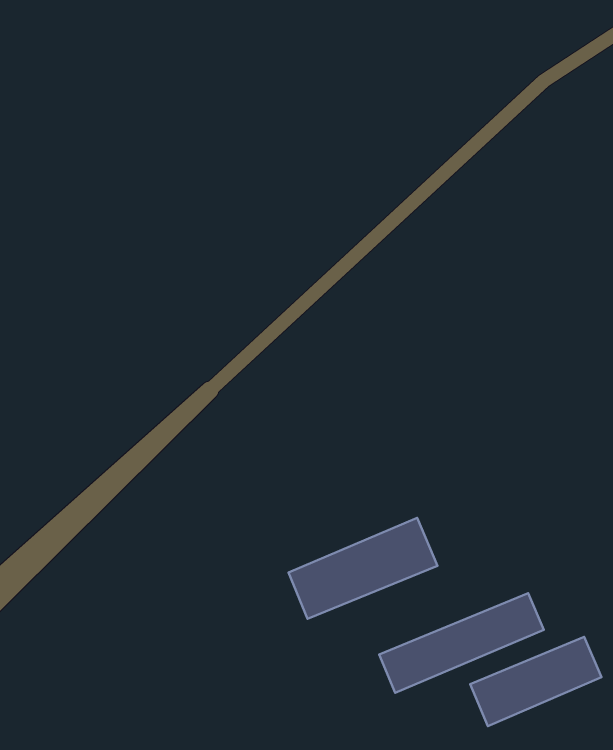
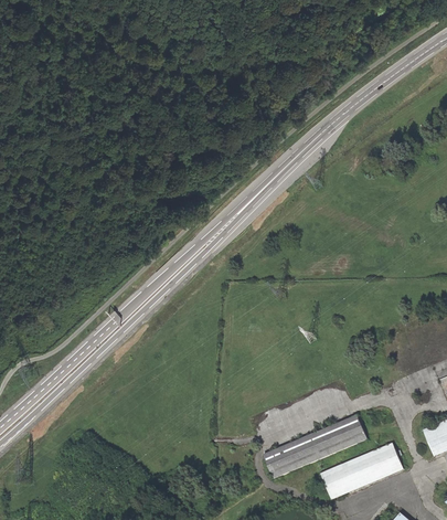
building: [289,518,437,619] -> none

